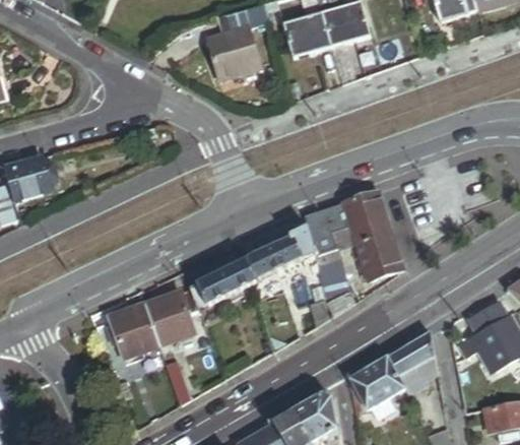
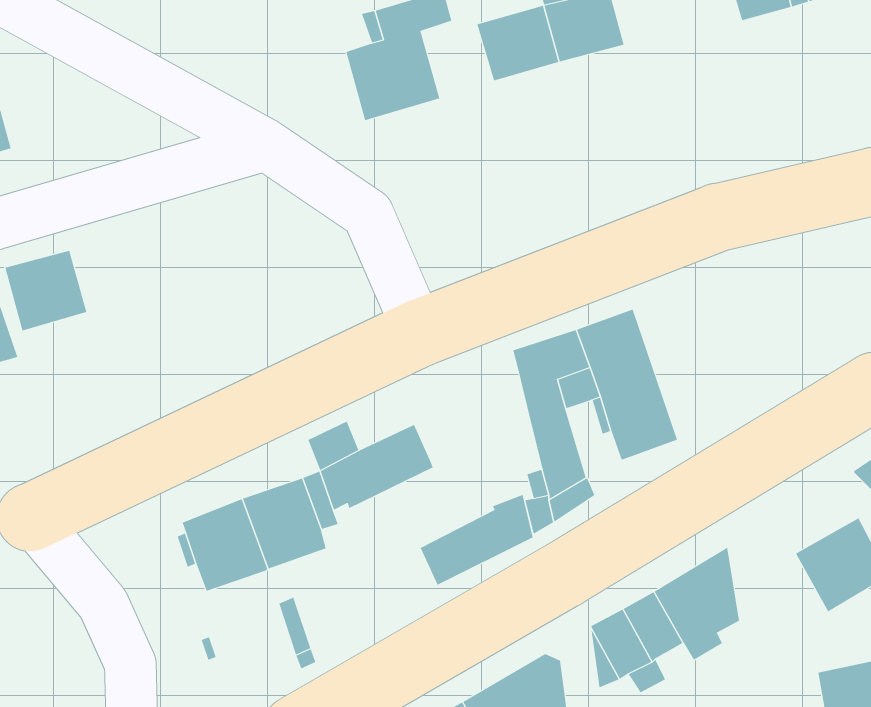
building: [246,226,313,279] -> [420,494,534,586]

